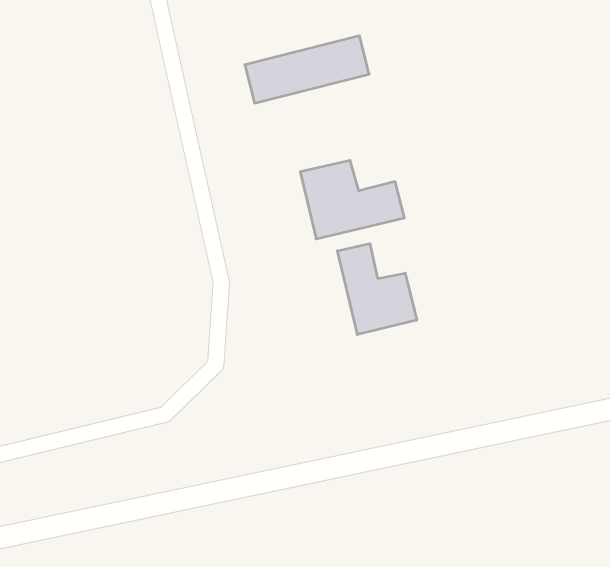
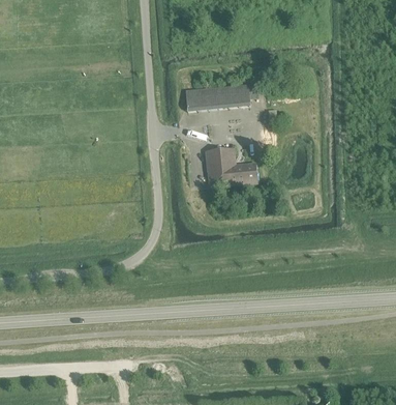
building: [337,244,417,335] -> none

